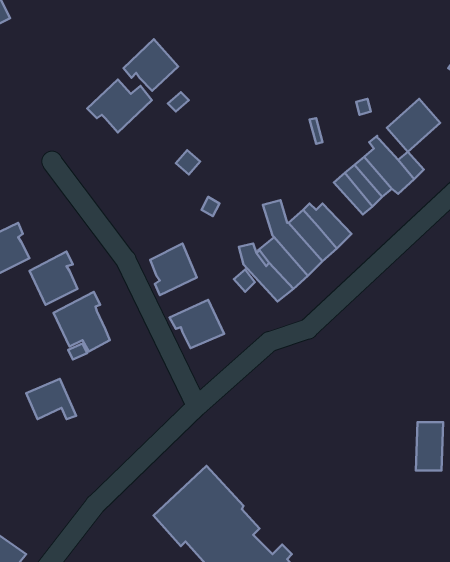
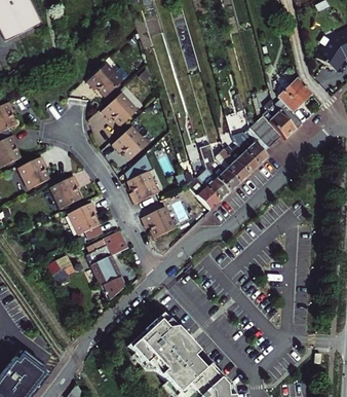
building: [123,39,178,91] -> [103,95,138,128]
building: none -> [112,128,148,160]
building: none -> [232,129,266,165]
building: none -> [87,231,128,301]

